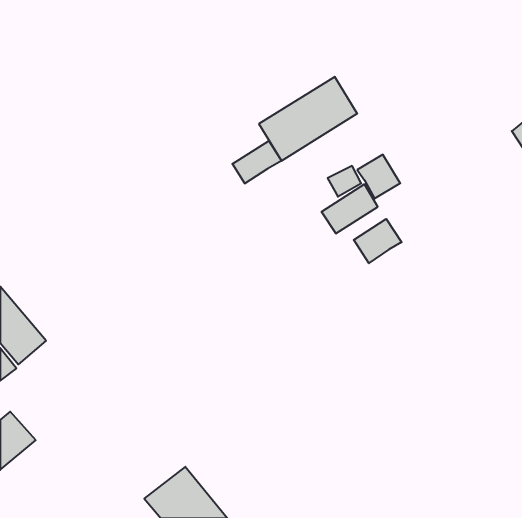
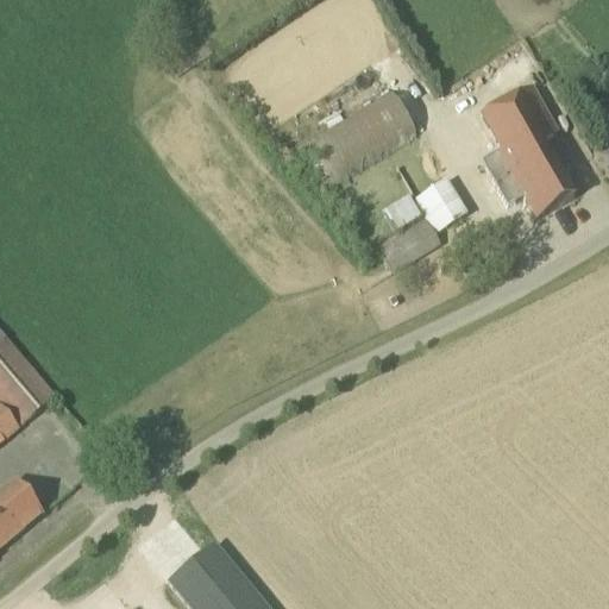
building: none -> [483,90,573,216]
building: [232,141,282,184] -> none
building: [354,219,402,263] -> none

